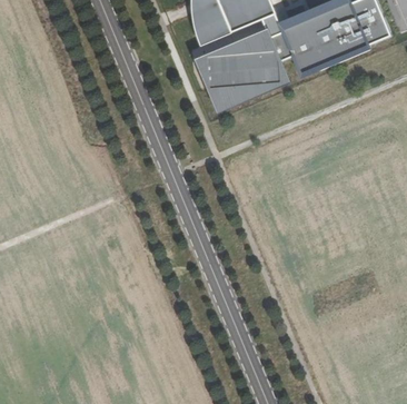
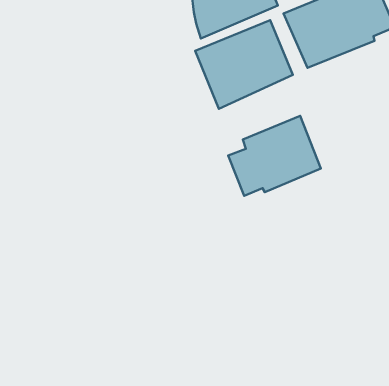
building: none -> [228,116,321,196]

